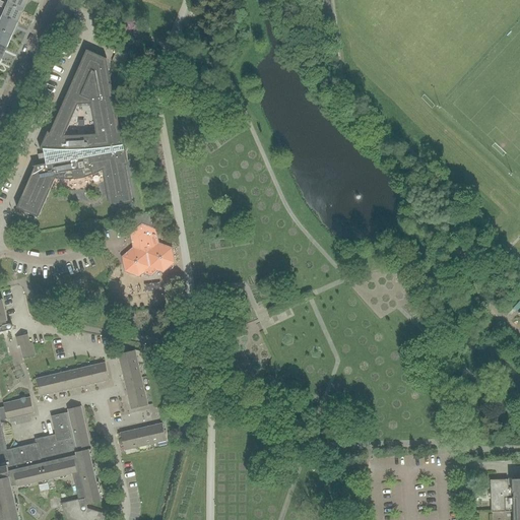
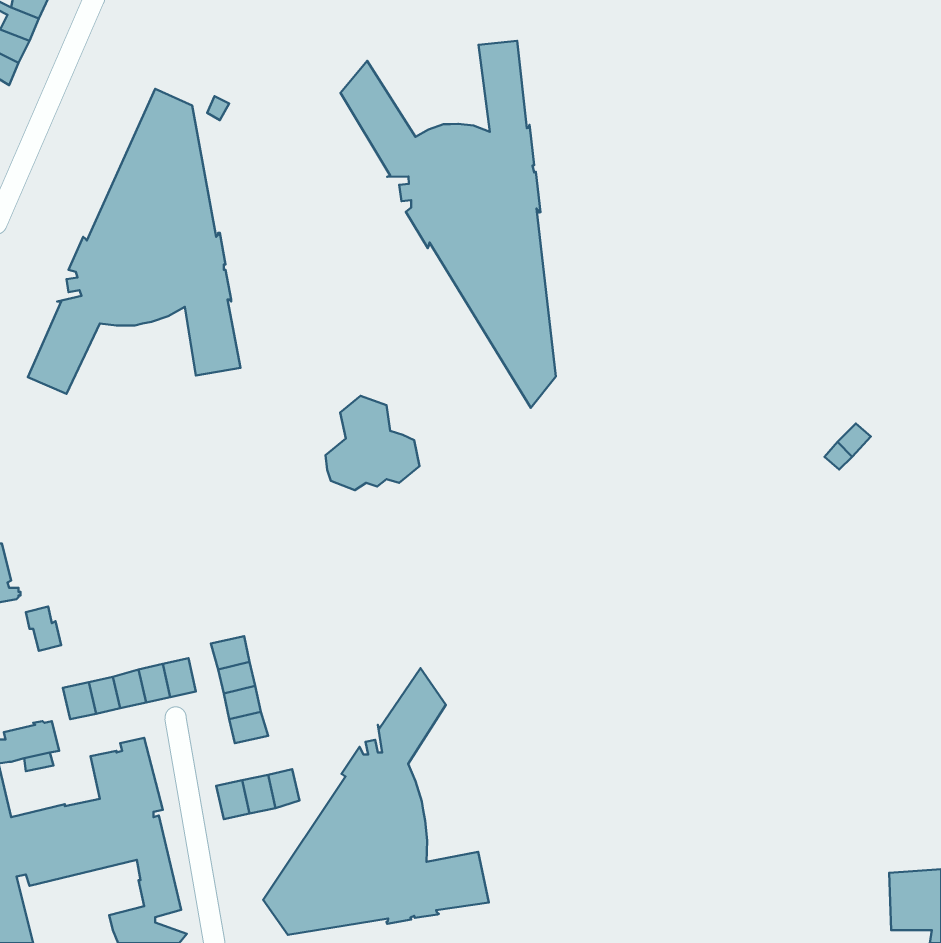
building: none -> [341,41,556,408]
building: [121,223,173,275] -> [325,396,420,490]
building: none -> [263,668,489,935]

